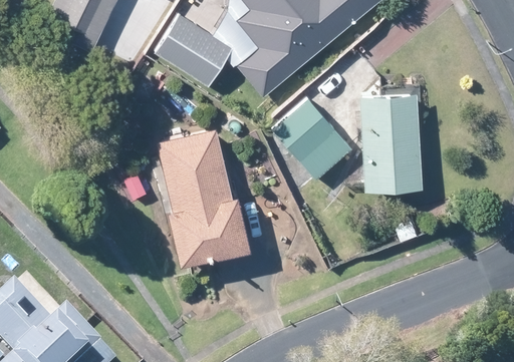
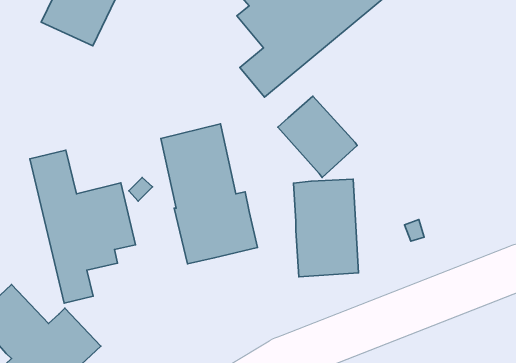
building: [156,15,232,85] -> none
building: [359,94,423,190] -> [294,179,358,277]
building: none -> [30,150,136,303]

